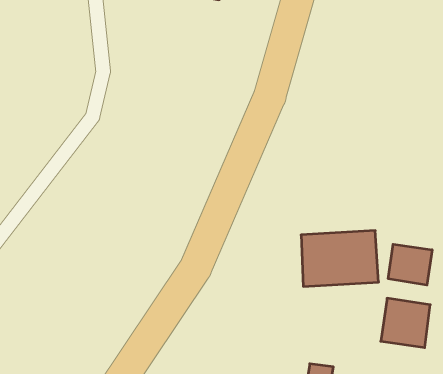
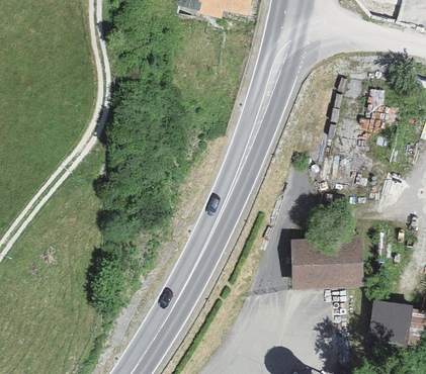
building: [388,244,432,285] -> none

